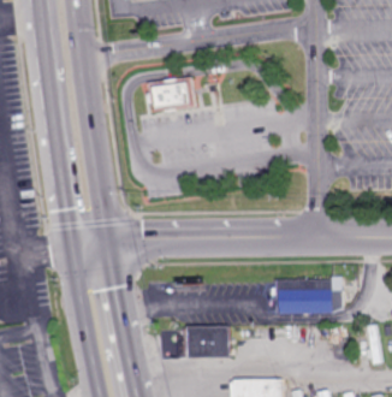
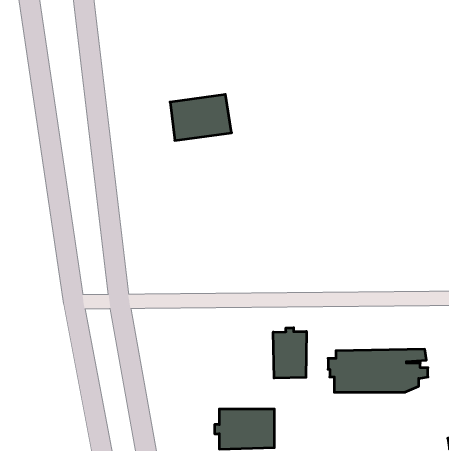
building: none -> [273,328,306,378]

